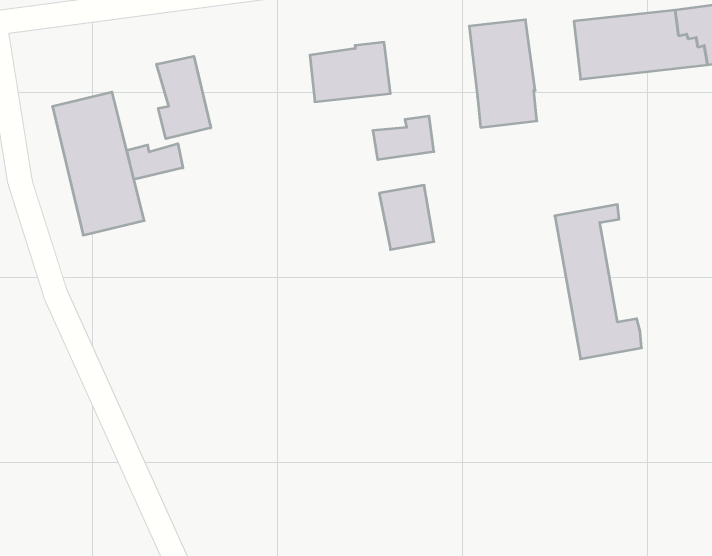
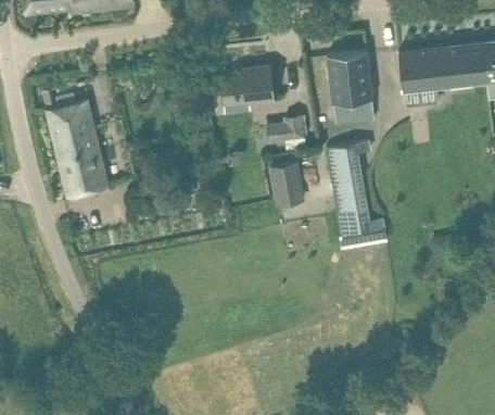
building: [157,56,211,139] -> none
building: [127,144,183,180] -> none
building: [555,205,642,359] -> [326,141,384,246]

